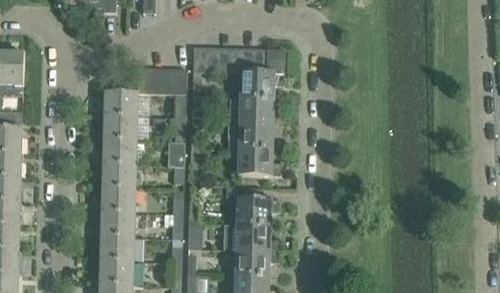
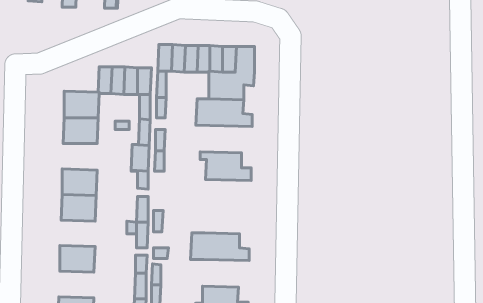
building: [227,122,282,149] -> none
building: [102,139,135,165] -> none
building: [236,198,280,225] -> none
building: [100,212,133,237] -> none
building: [234,249,279,275] -> none
building: [99,260,132,285] -> none

